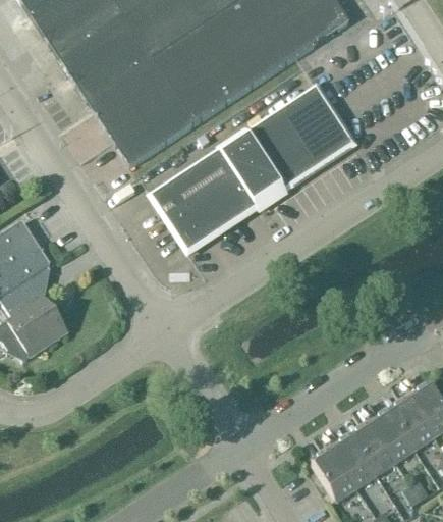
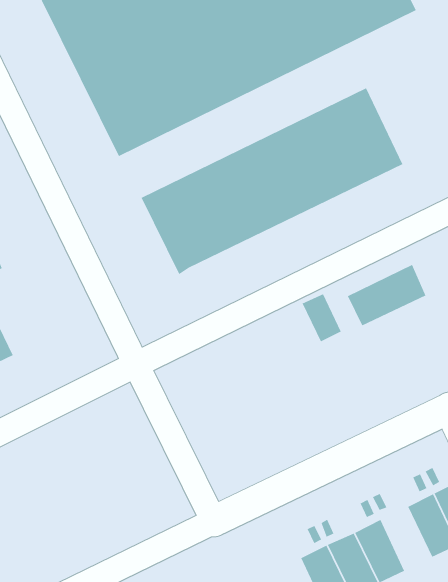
building: none -> [347,264,427,327]
building: none -> [301,293,342,342]
building: [371,410,414,461] -> none

